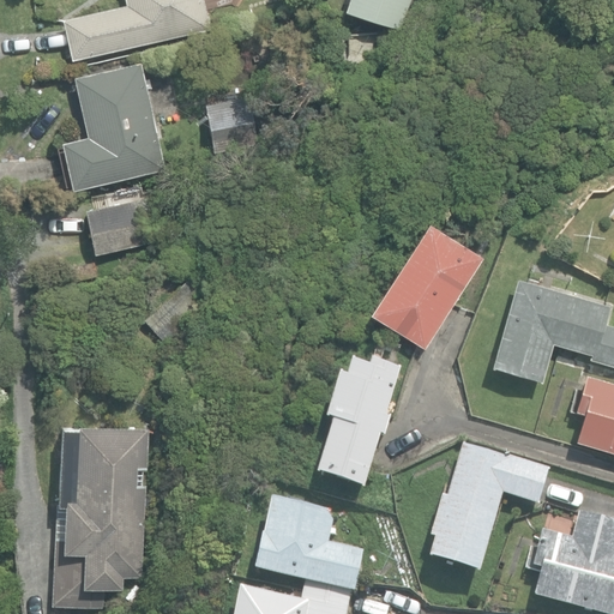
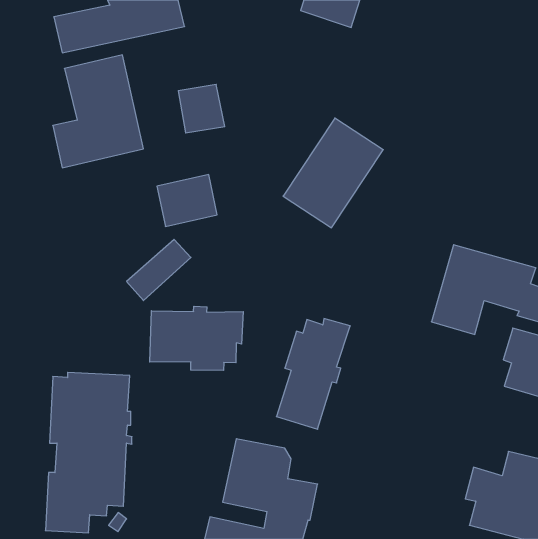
building: [86,195,155,254] -> [157,175,217,226]
building: [368,222,482,347] -> [283,118,383,228]
building: none -> [150,306,243,370]
building: [428,446,547,573] -> none

